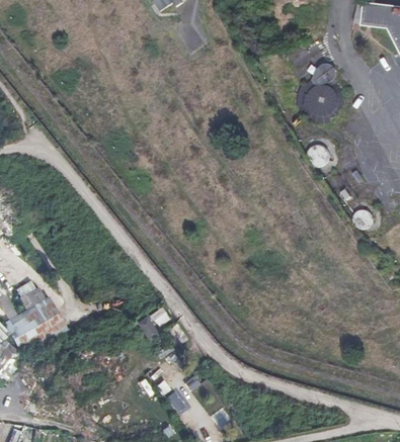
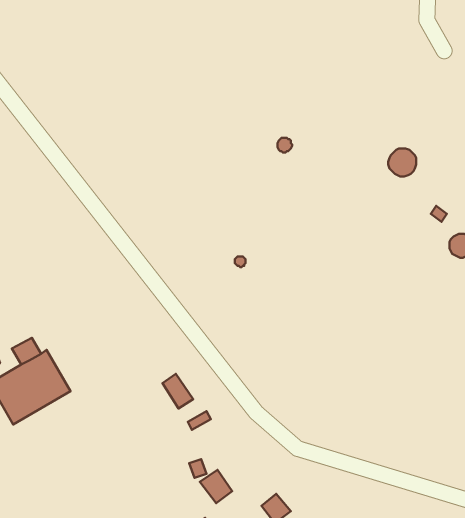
building: [293,65,346,127] -> none

